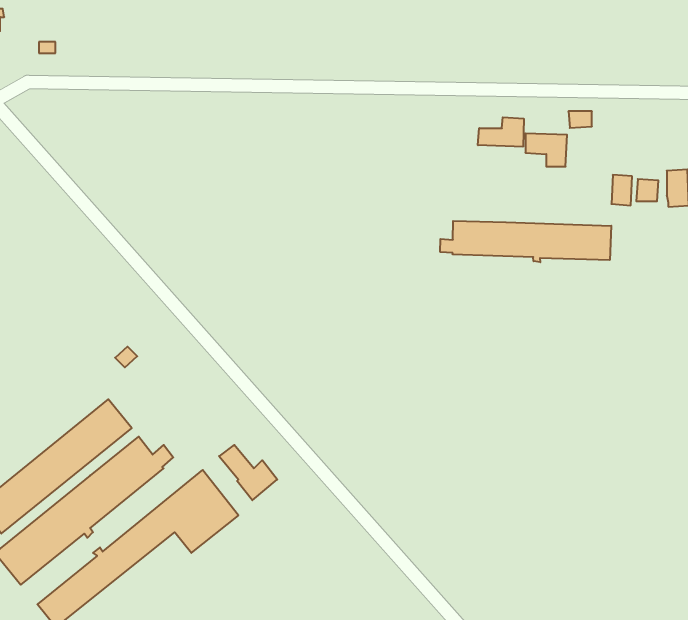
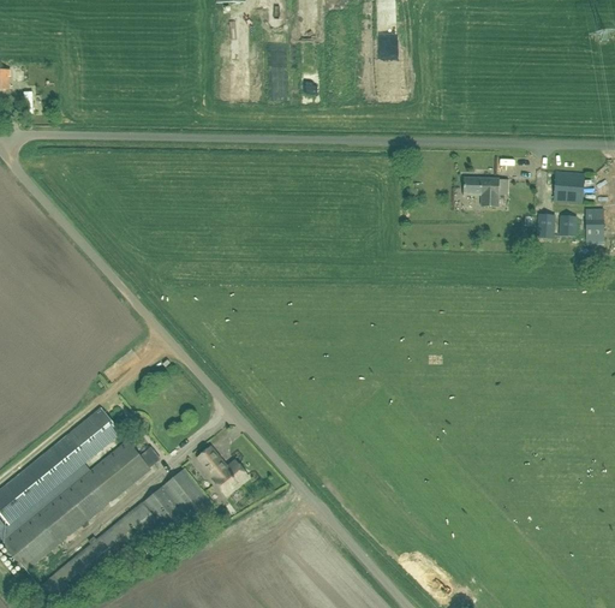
building: [478,117,524,147] -> none
building: none -> [554,171,584,203]
building: [440,221,611,262] -> none

